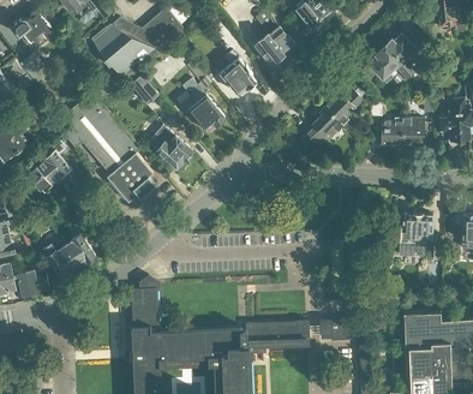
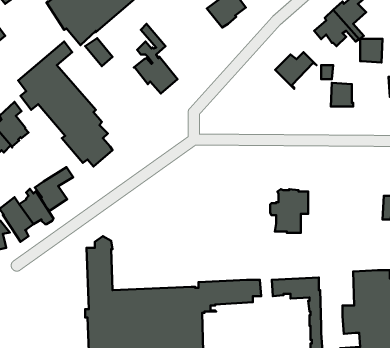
building: [221,52,257,97] -> none
building: [301,111,343,147] -> none
building: [402,119,425,143] -> [360,39,383,62]
building: [149,126,193,169] -> none
building: none -> [35,167,73,211]
building: [394,213,432,257] -> [270,189,308,233]

